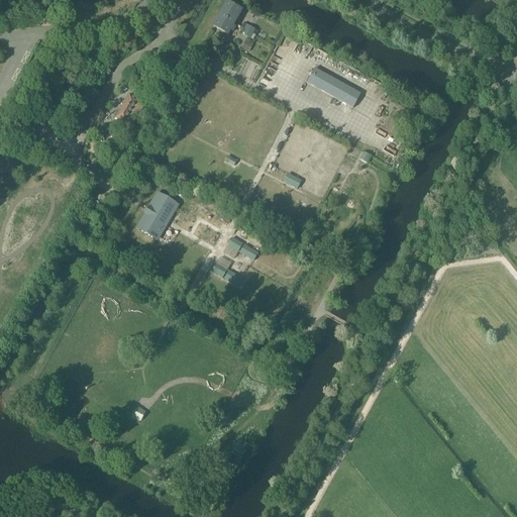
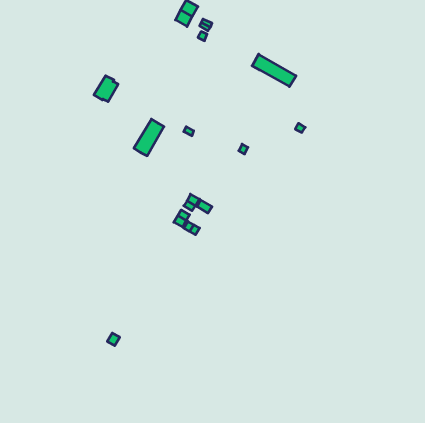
building: [138,192,175,236] -> [134,119,164,156]

